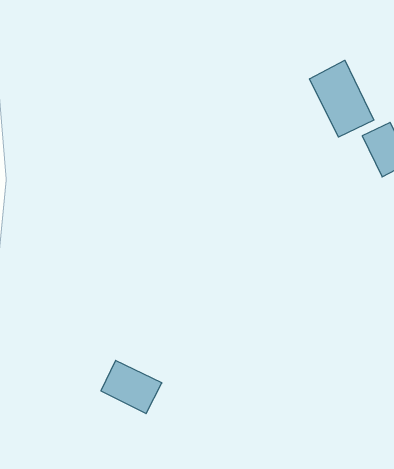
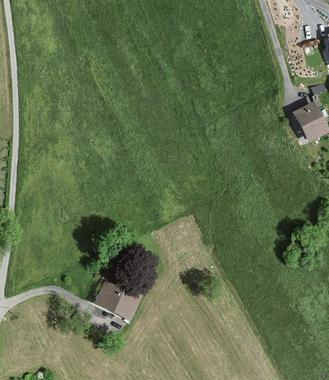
building: [310,60,374,137] -> none

